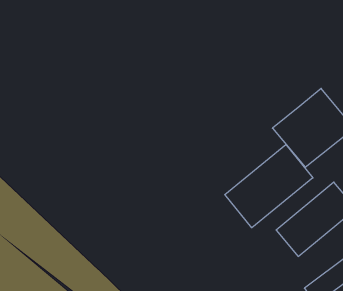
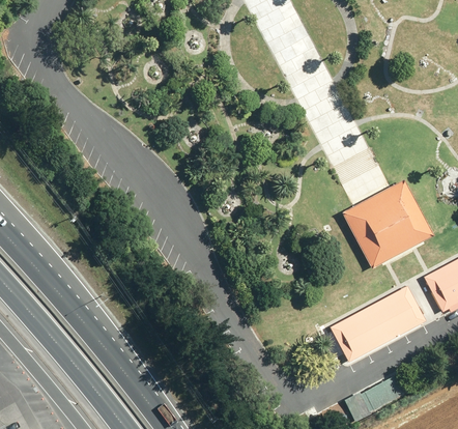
building: [225,145,313,228] -> none

